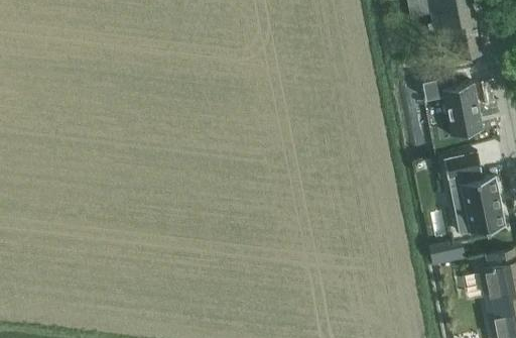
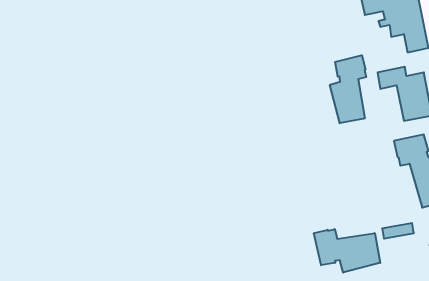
building: none -> [330,55,366,123]
building: none -> [314,229,380,273]

